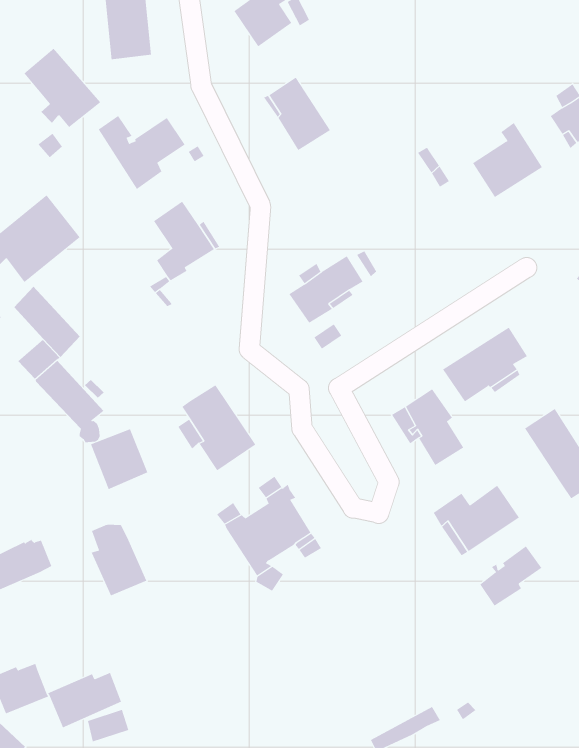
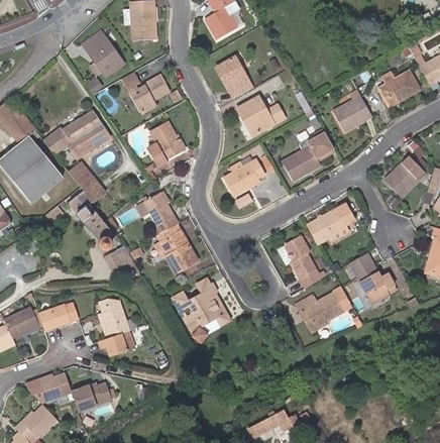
building: none -> [237,94,285,133]
building: none -> [282,133,333,180]
building: none -> [143,192,179,232]
building: [480,545,542,606] -> none
building: none -> [100,331,138,358]

